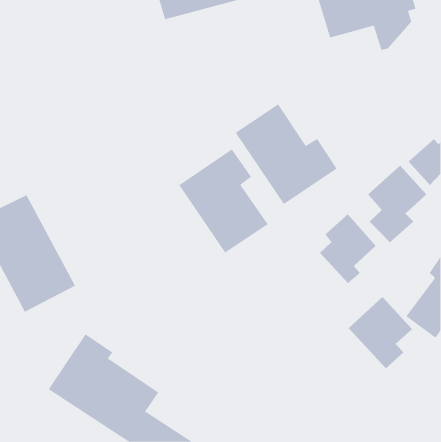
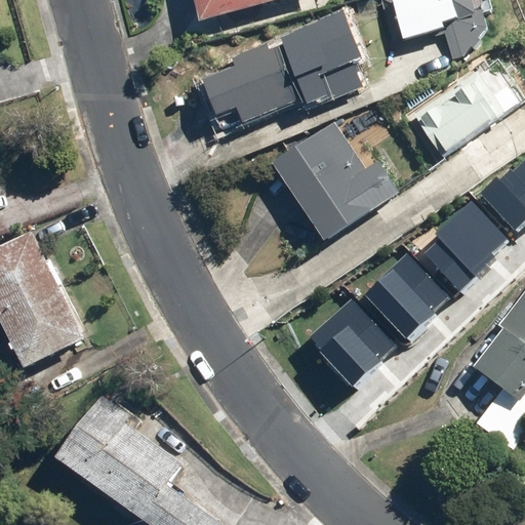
building: none -> [205,14,359,127]
building: none -> [407,71,503,159]
building: [178,149,269,254] -> none
building: [348,296,413,369] -> [310,297,387,383]

